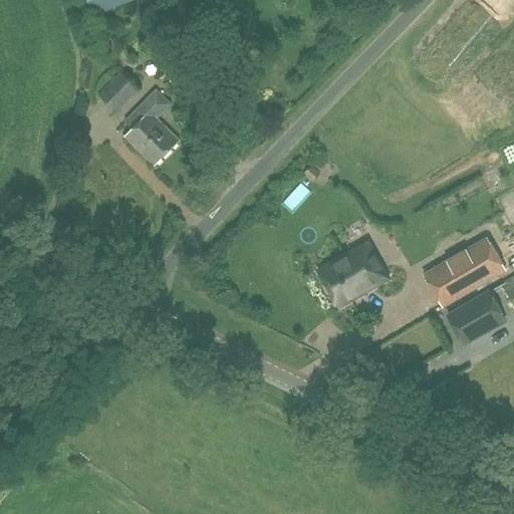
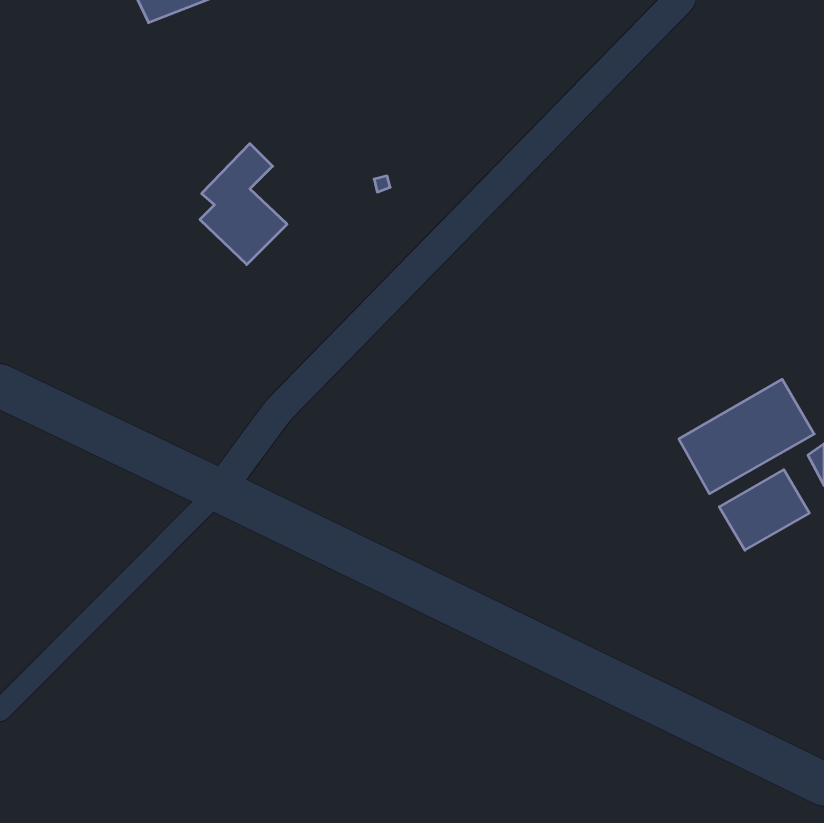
building: [98,72,139,111] -> none
building: [318,251,389,305] -> none

